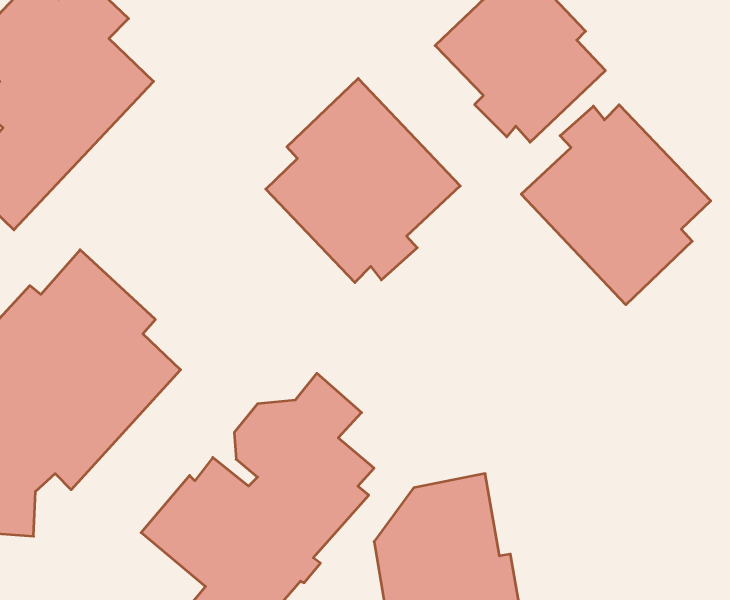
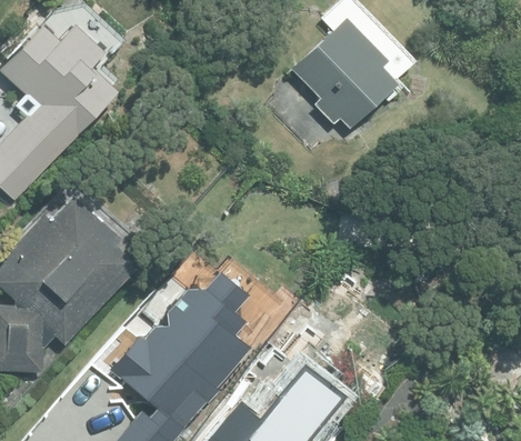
building: [266,78,460,283] -> none
building: [521,105,711,305] -> none

